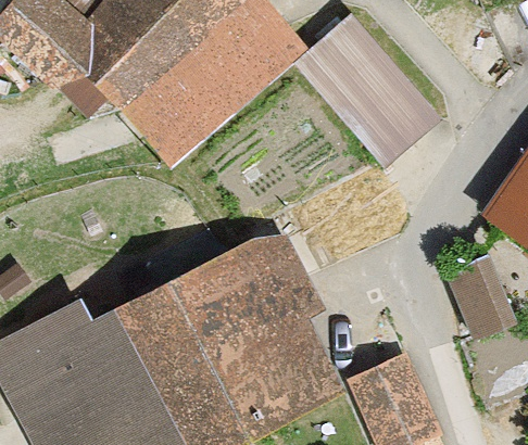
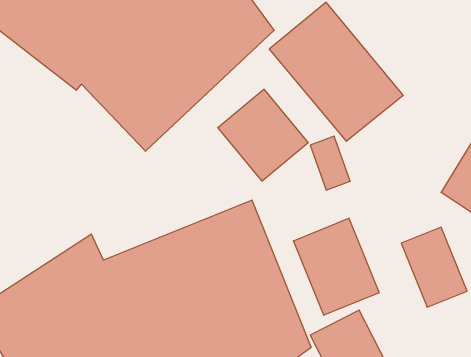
building: none -> [218,89,308,181]
building: none -> [294,218,379,315]

